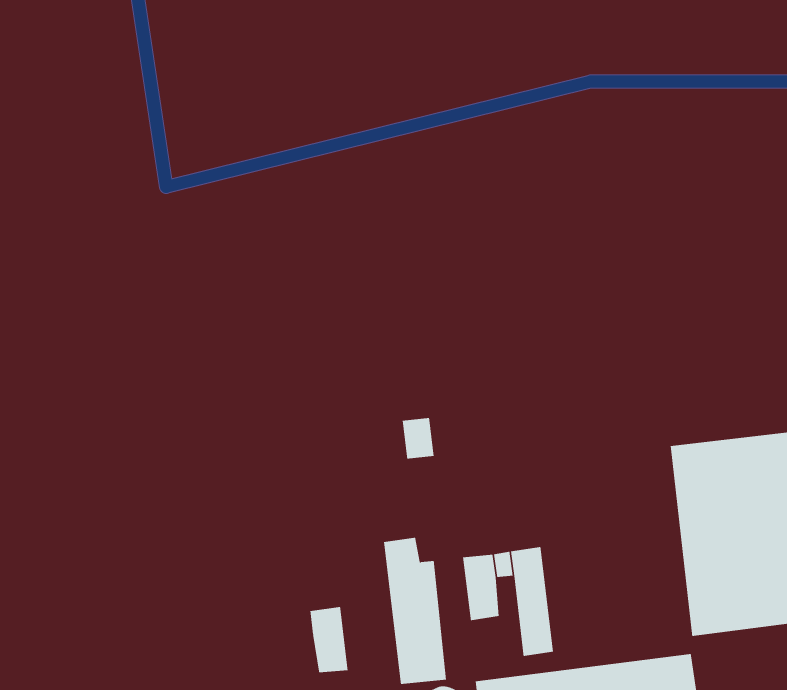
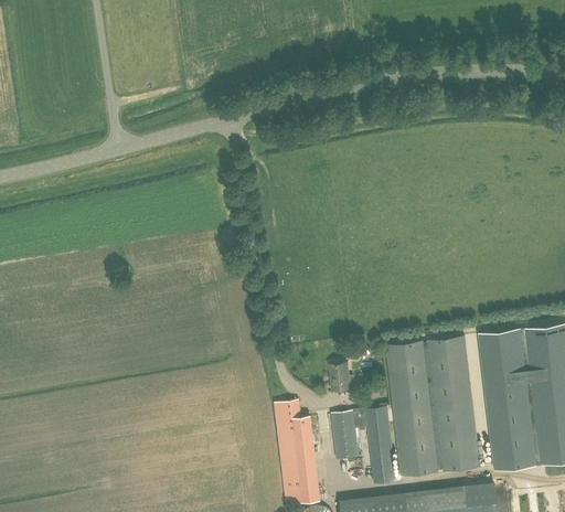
building: [402,417,434,459] -> [327,362,350,392]
building: none -> [386,337,479,477]
building: [310,606,348,673] -> none

